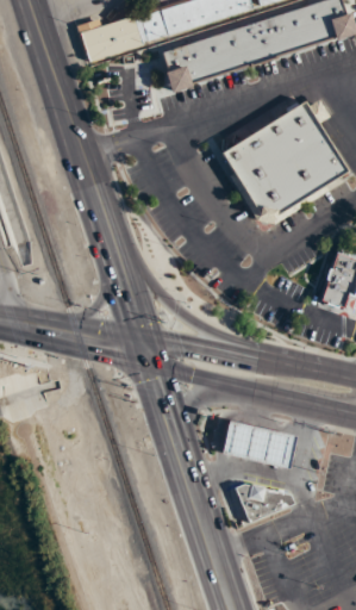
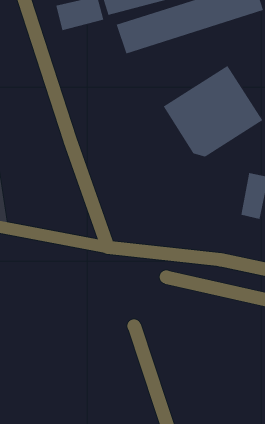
building: [220,418,296,468] -> none
building: [233,483,293,521] -> none

